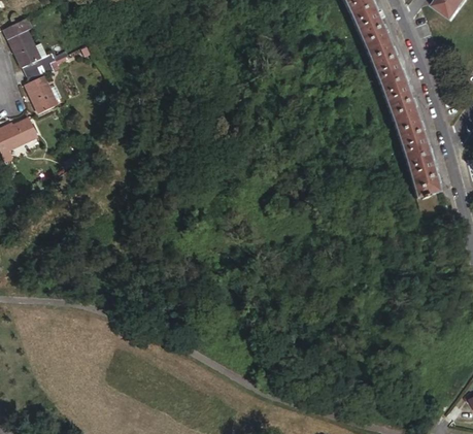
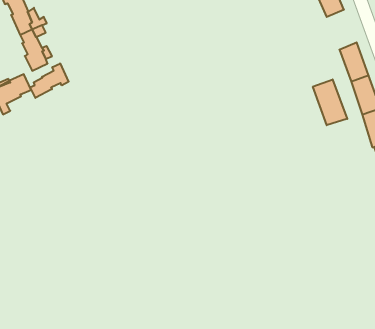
building: [371,44,405,90] -> none
building: none -> [30,63,69,98]
building: none -> [313,79,347,125]

